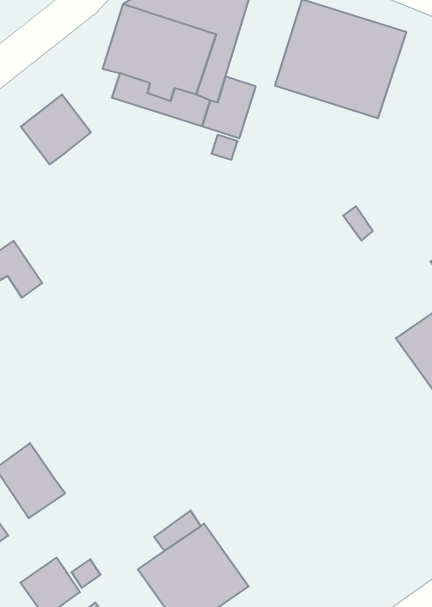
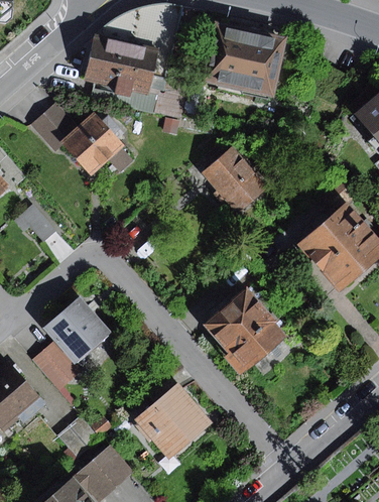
building: none -> [59,110,132,173]
building: none -> [203,147,267,213]
building: none -> [43,296,111,364]
building: none -> [204,283,288,376]

